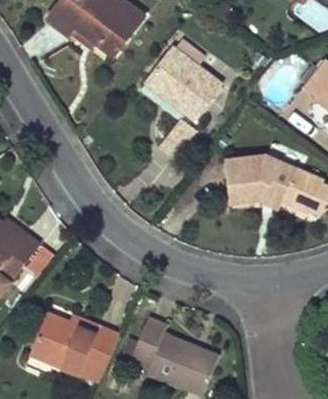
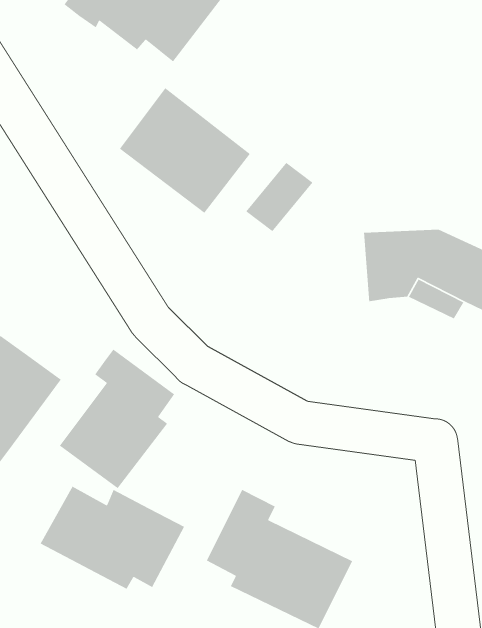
building: [142,44,221,120] -> [119,87,251,214]
building: none -> [59,349,175,489]

